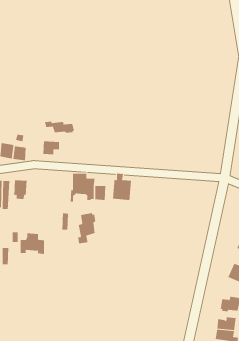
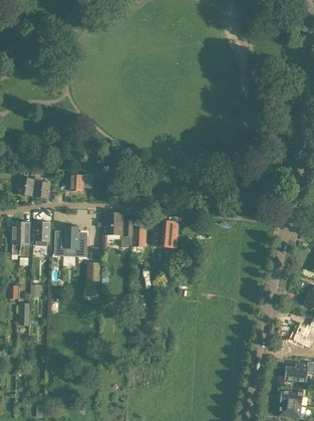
building: [45,121,75,134] -> none
building: [78,212,96,244] -> none
building: [20,233,45,254] -> [55,226,85,252]

